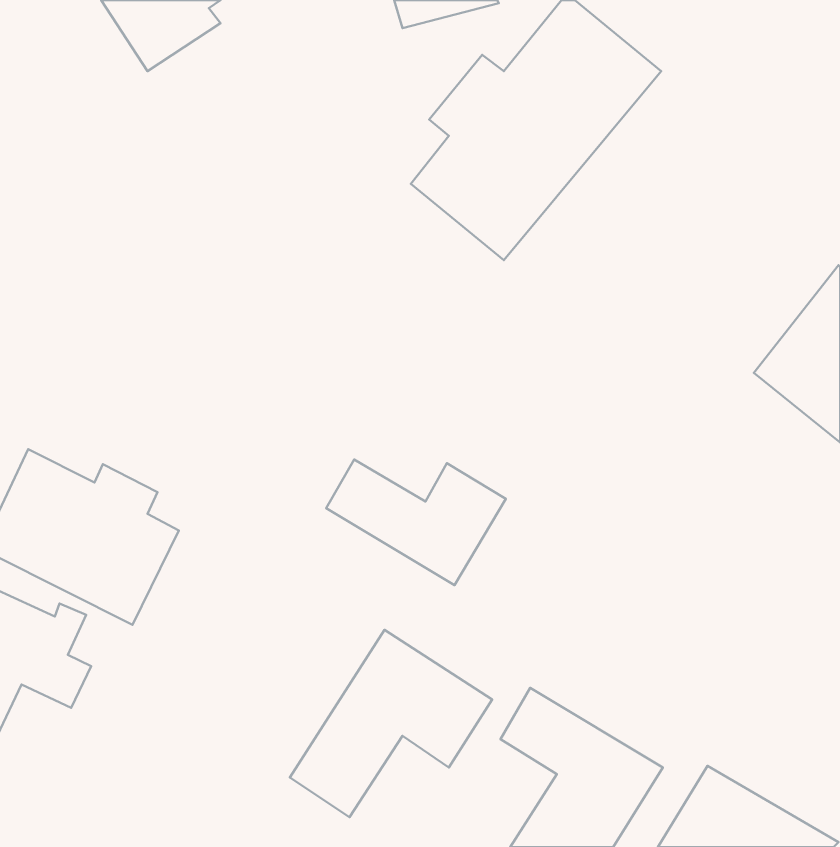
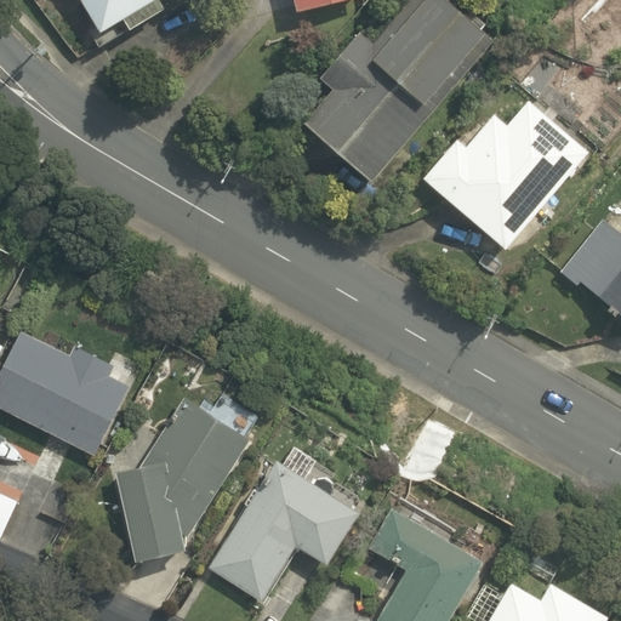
building: none -> [417,78,583,256]
building: [326,459,506,585] -> none
building: none -> [116,400,246,563]

